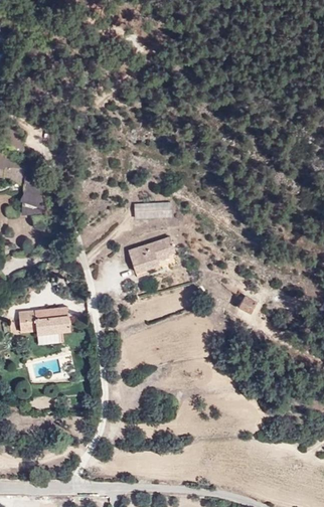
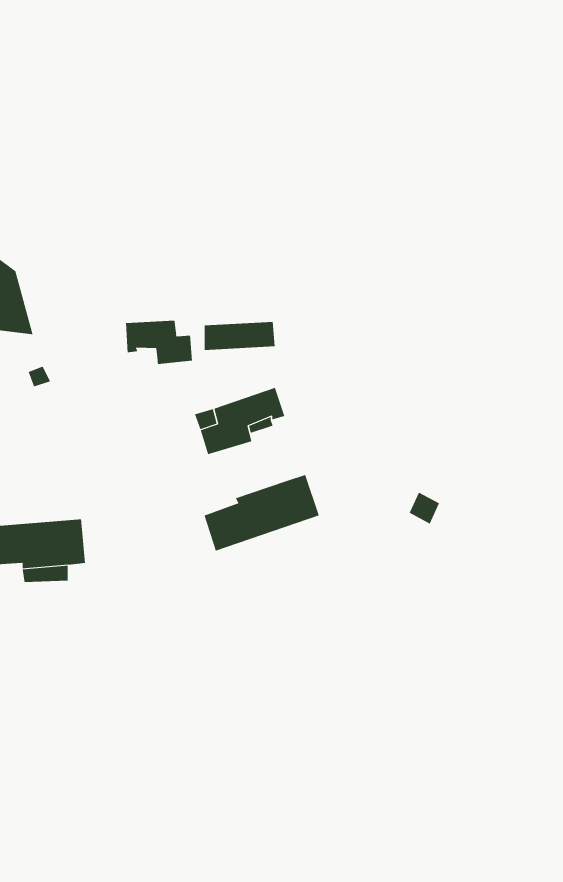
building: none -> [125,320,193,365]
building: none -> [204,474,319,552]

